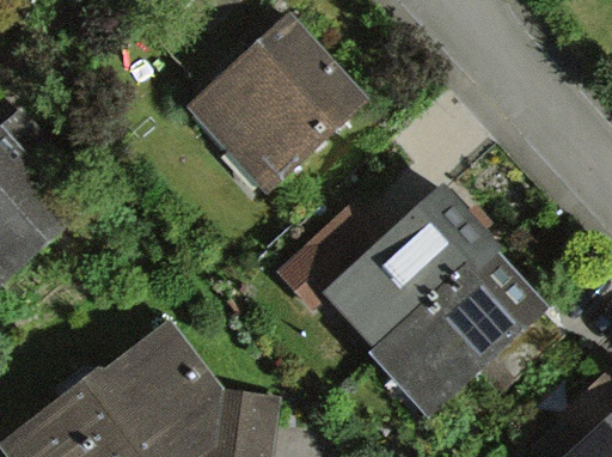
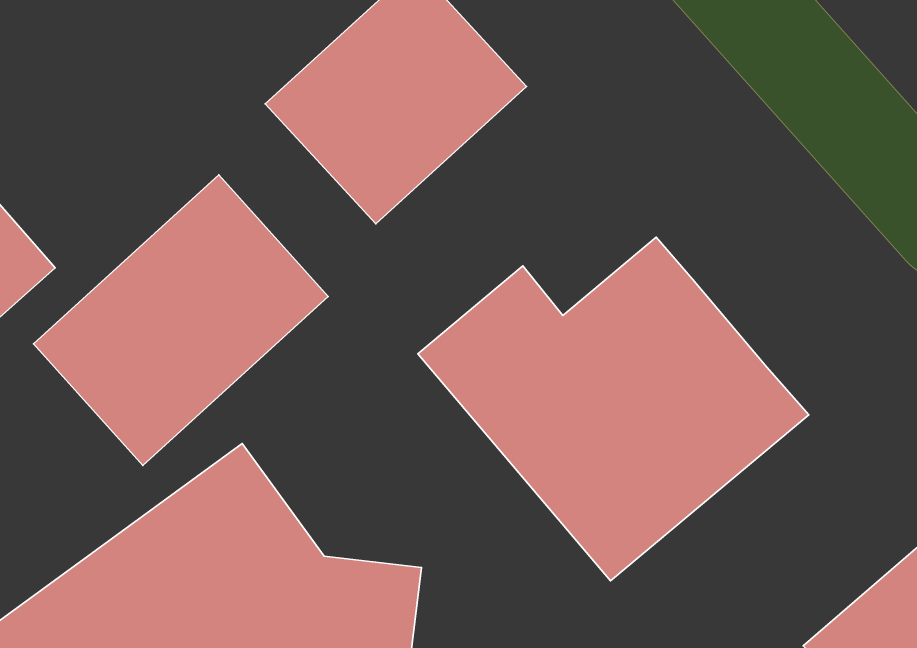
building: none -> [33,175,328,466]

